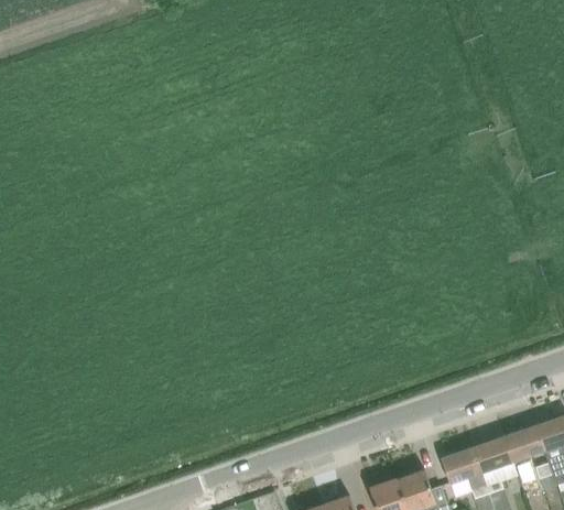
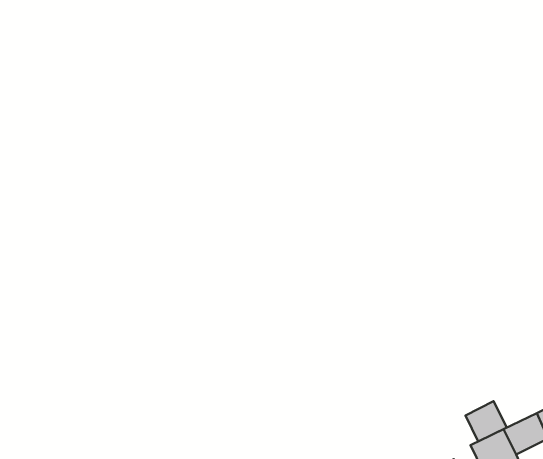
building: none -> [466,401,507,441]

